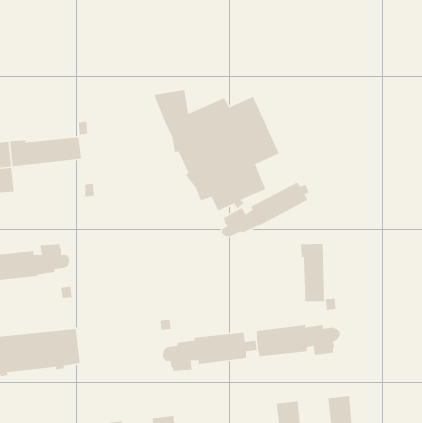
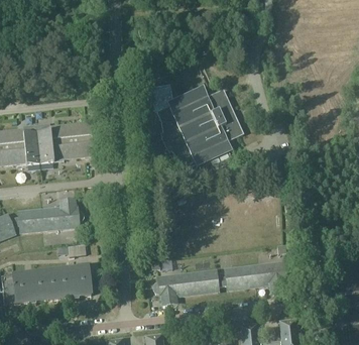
building: none -> [38,137,94,162]
building: [221,182,310,237] -> none
building: [300,243,325,302] -> none

